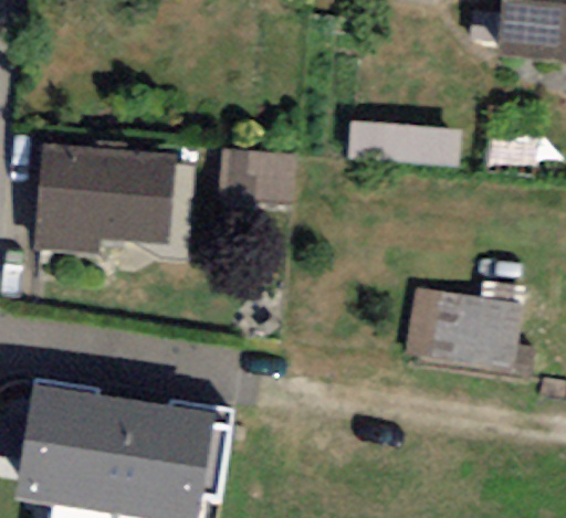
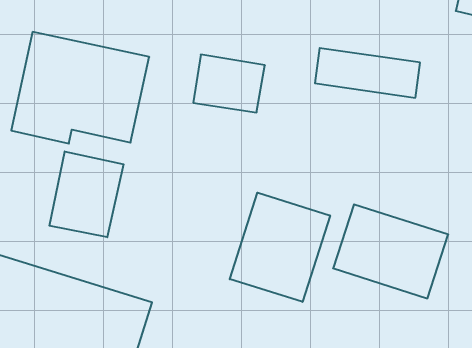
building: none -> [49,151,124,237]
building: none -> [230,193,330,302]

